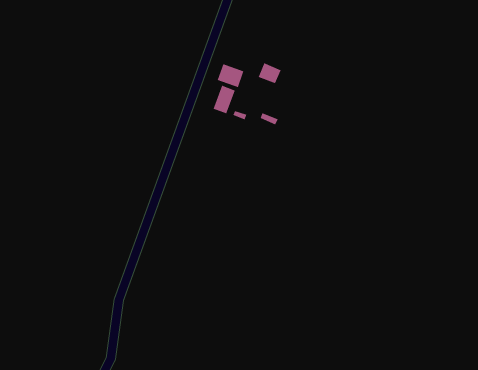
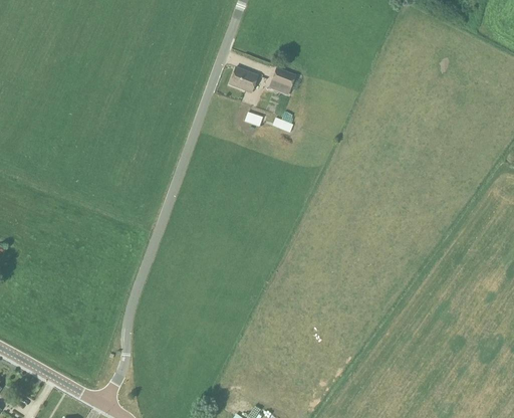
building: [213,85,235,114] -> none

